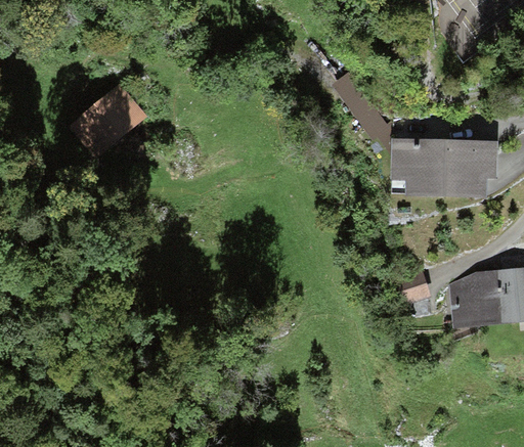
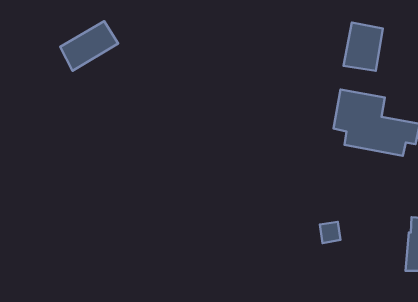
building: none -> [344,23,383,71]
building: [457,278,504,325] -> none

